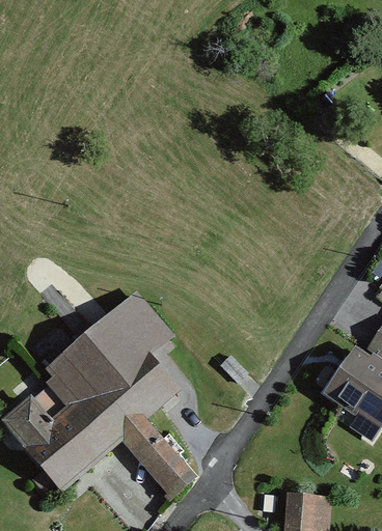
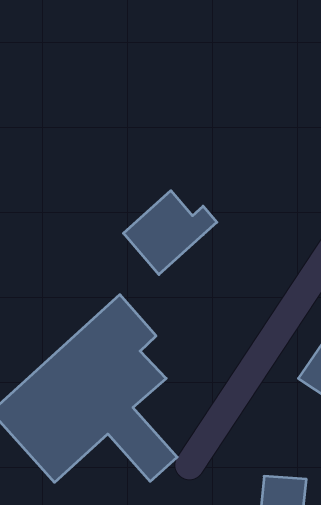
building: none -> [123,191,217,275]

